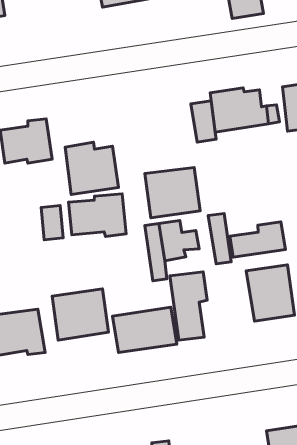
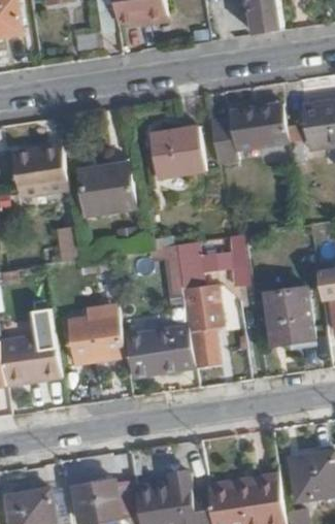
building: [145,168,200,218] -> [148,127,205,178]
building: [69,194,126,236] -> none
building: [230,222,285,257] -> none

